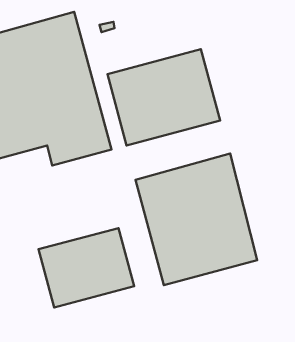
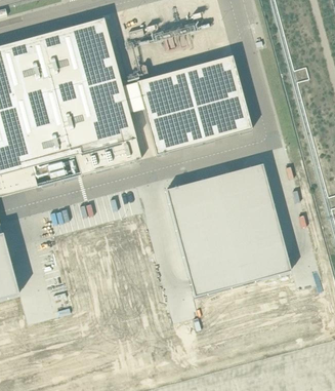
building: [39,228,134,308] -> none

